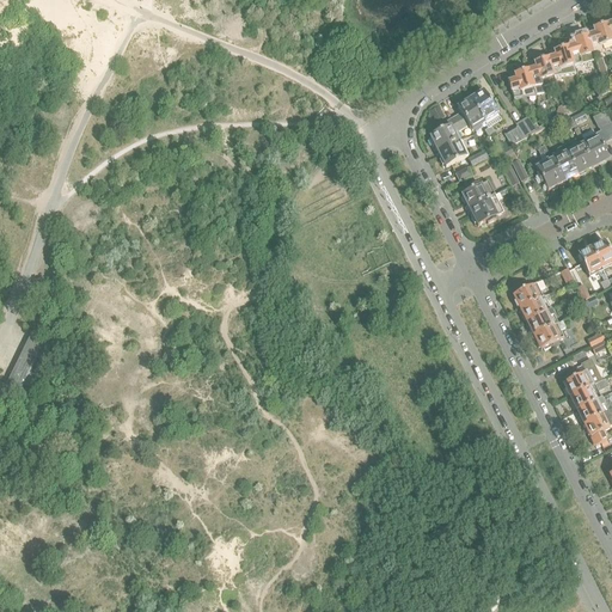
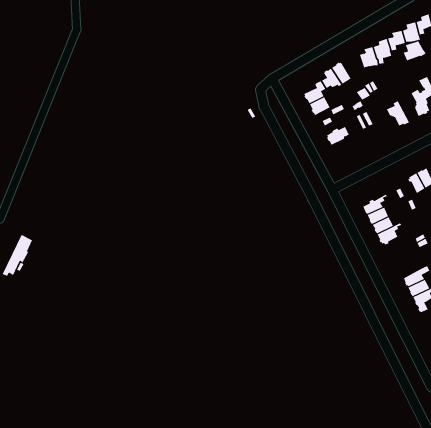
building: none -> [403,40,427,61]
building: [564,136,593,173] -> none
building: [534,154,565,188] -> none
building: [470,185,509,222] -> none
building: [564,362,600,393] -> none

